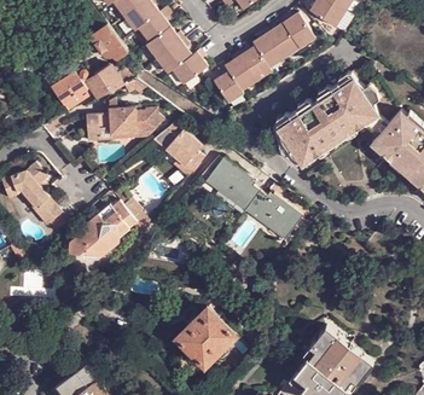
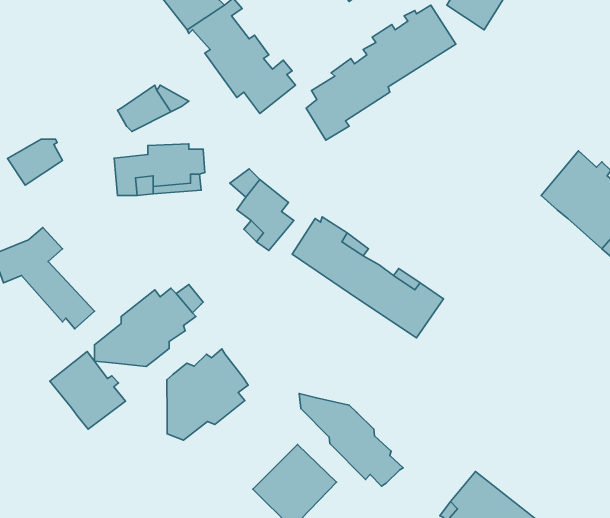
building: [93,25,128,60] -> none
building: [54,79,92,110] -> [7,139,63,185]
building: [277,79,390,168] -> none
building: none -> [167,349,248,440]
building: none -> [50,352,125,429]
building: none -> [299,394,403,486]

